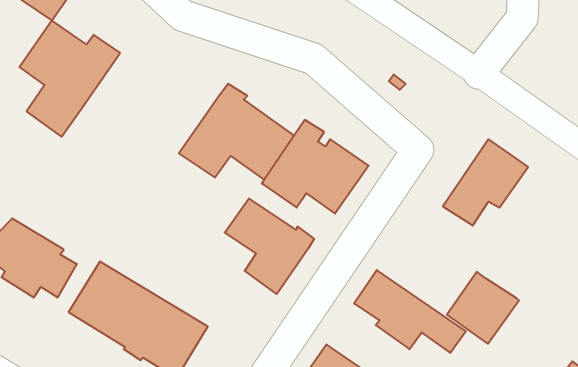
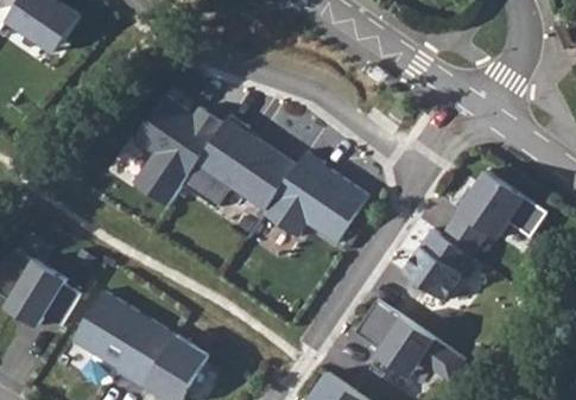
building: [19,20,120,137] -> [121,94,221,209]
building: [225,198,314,294] -> none
building: [447,272,519,344] -> [403,229,474,300]

